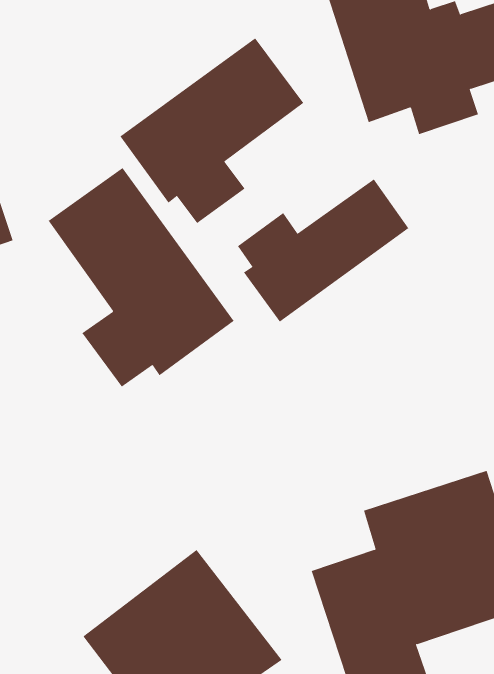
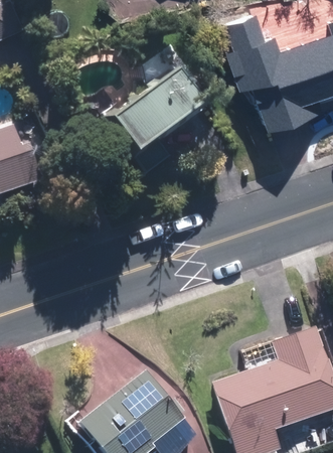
building: [48,167,235,388] -> none
building: [237,179,409,323] -> none

